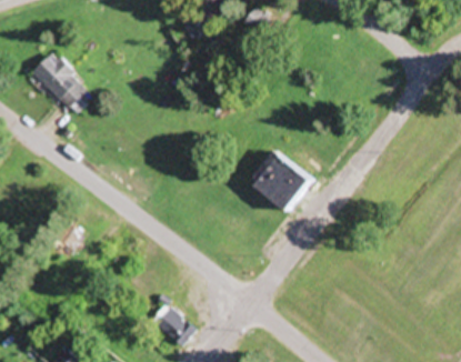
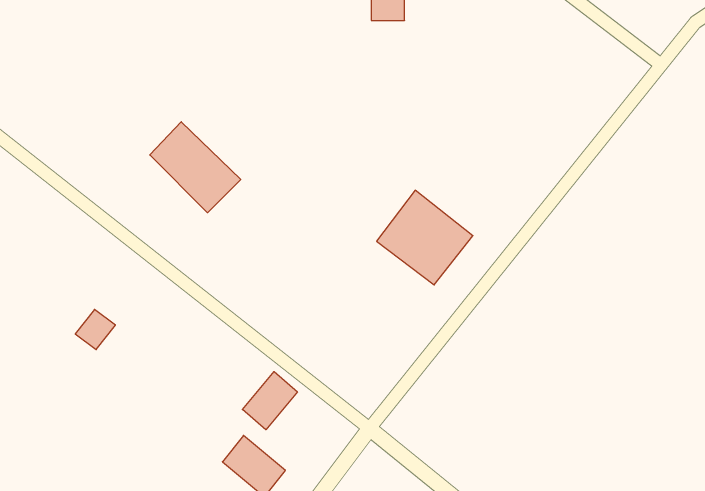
building: [31,52,89,110] -> [150,122,241,213]
building: none -> [242,372,297,430]

